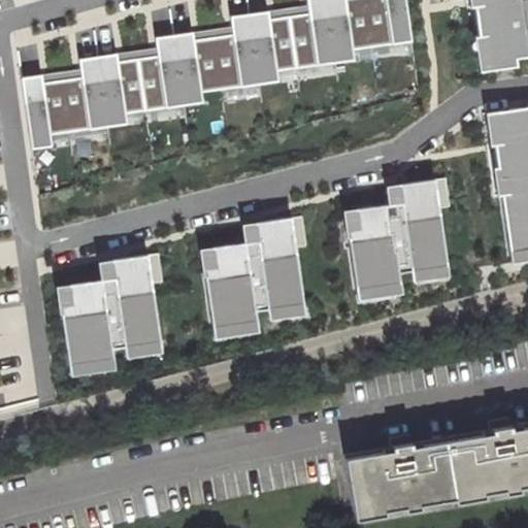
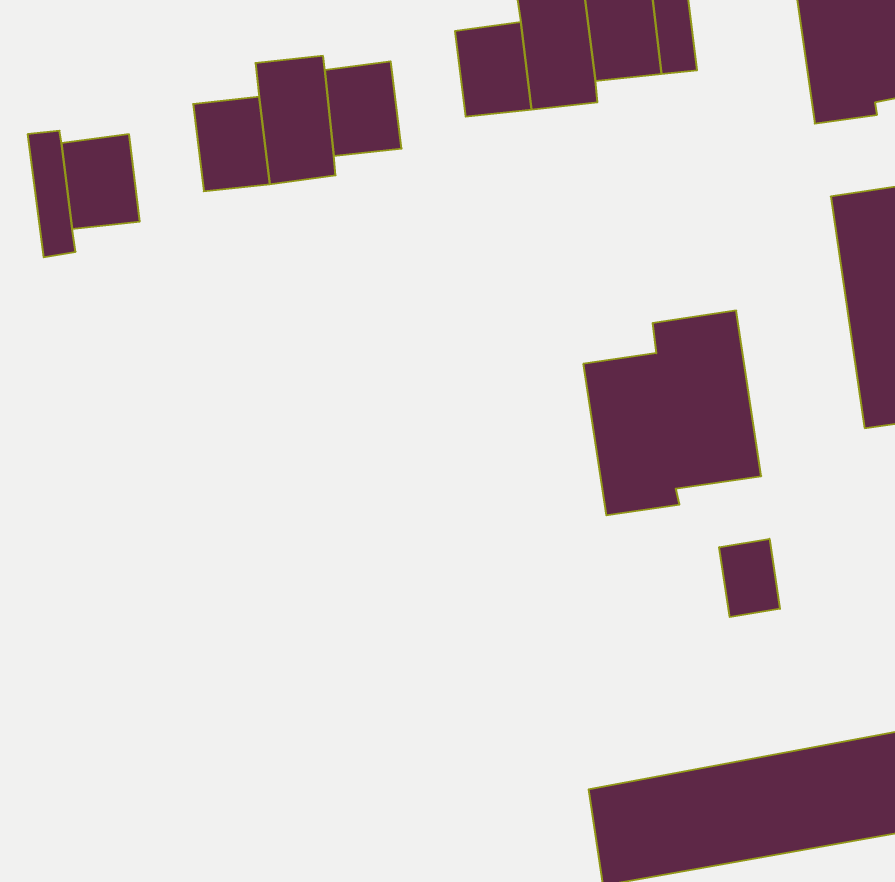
building: [232,13,278,87] -> none
building: [80,55,127,129] -> none
building: [202,219,305,337] -> none
building: [59,257,162,375] -> none
building: none -> [719,539,780,617]

